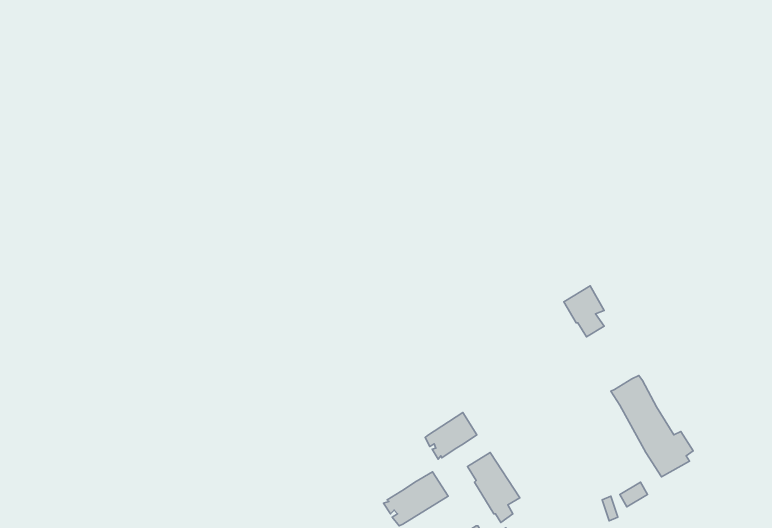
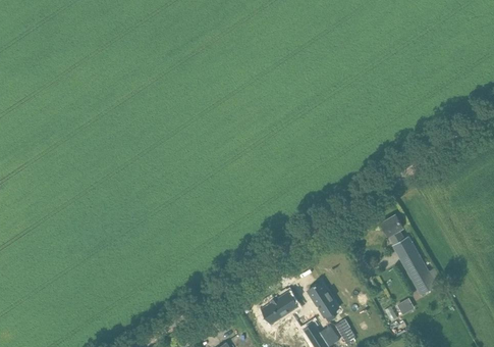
building: [564,286,604,337] -> [380,214,403,244]
building: [425,412,477,459] -> none

